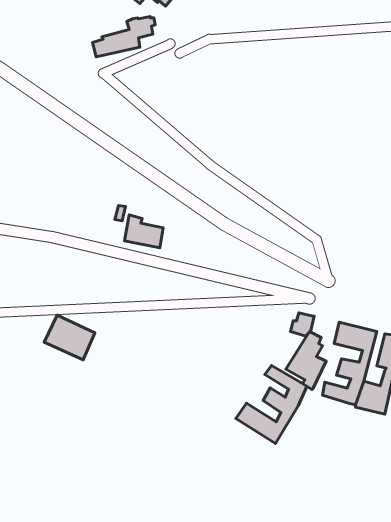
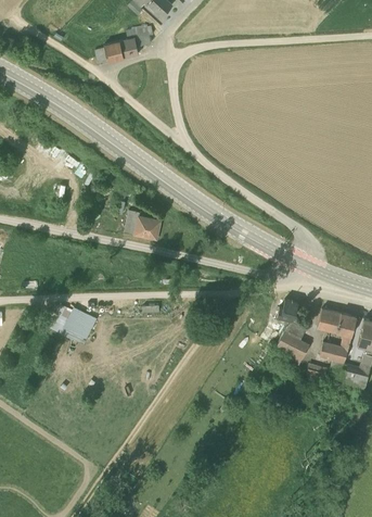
building: [236,366,307,443] -> none

